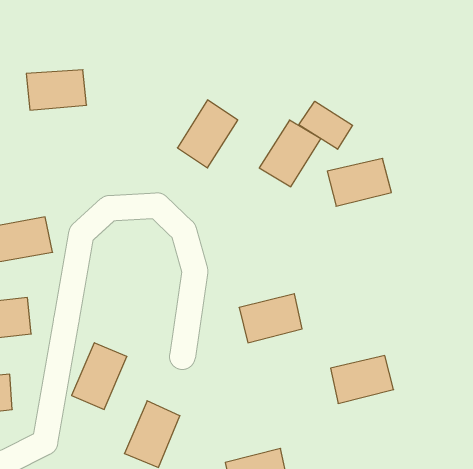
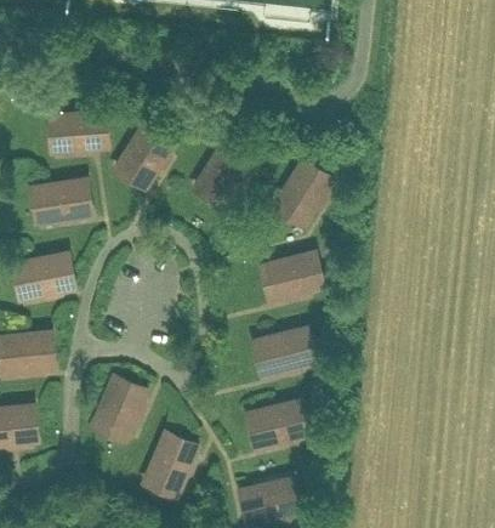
building: none -> [114,121,172,187]
building: [299,101,353,149] -> none
building: none -> [30,178,90,222]
building: [327,158,391,206] -> [260,252,322,299]
building: [331,356,394,403] -> [246,401,307,447]

